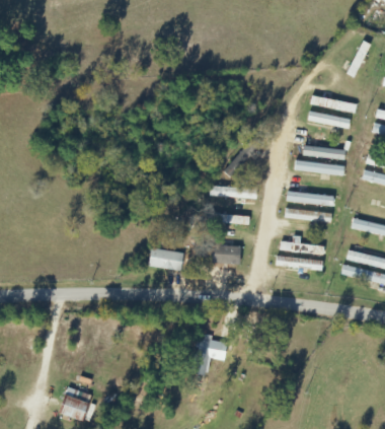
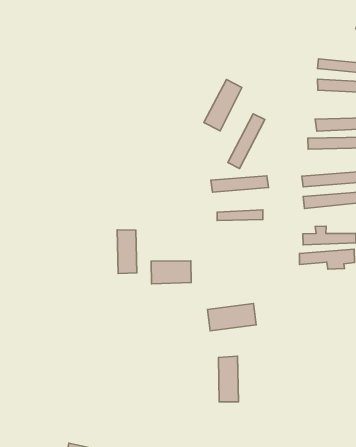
building: none -> [204,80,242,131]
building: none -> [117,230,137,274]
building: [200,244,239,263] -> [207,304,256,331]

